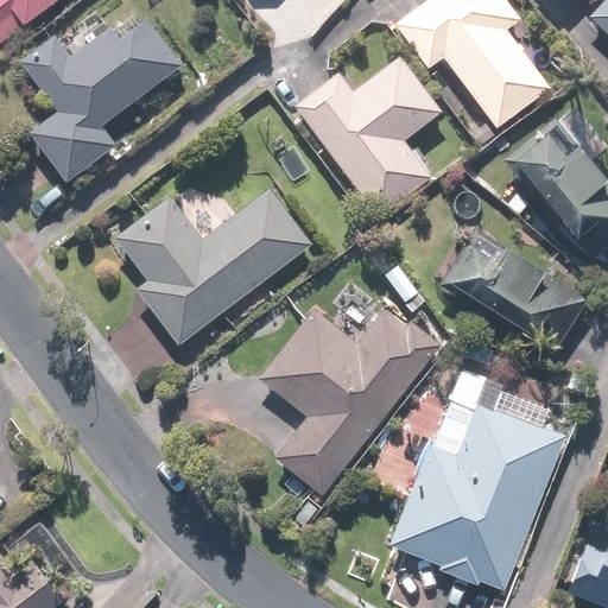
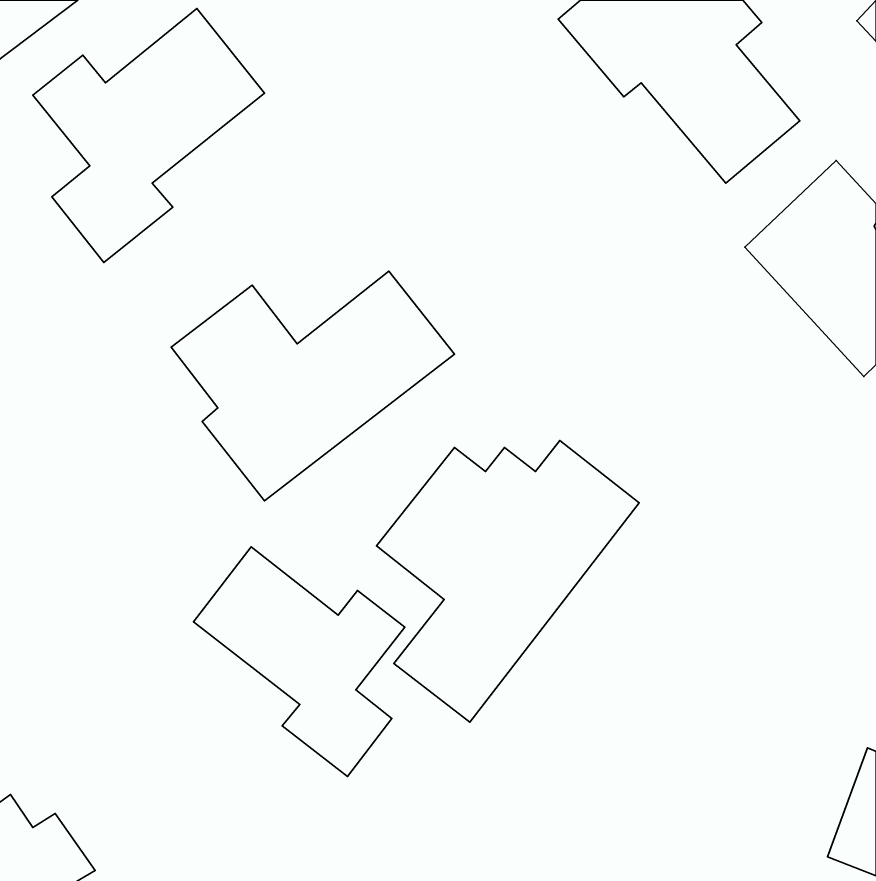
building: [296,58,443,217] -> none
building: [437,229,588,346] -> none
building: [392,367,564,589] -> none
building: none -> [193,547,405,777]

